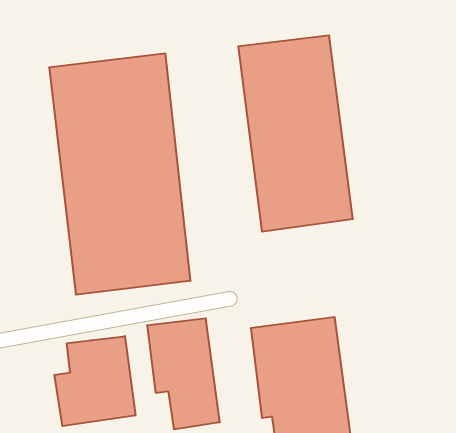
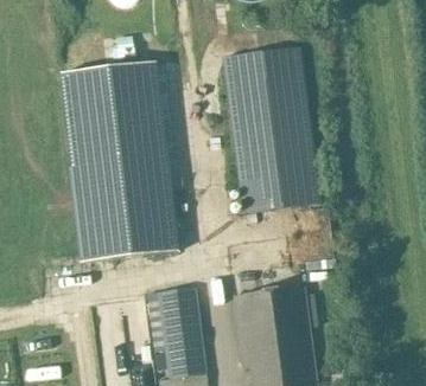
building: [55,336,136,426] -> none

